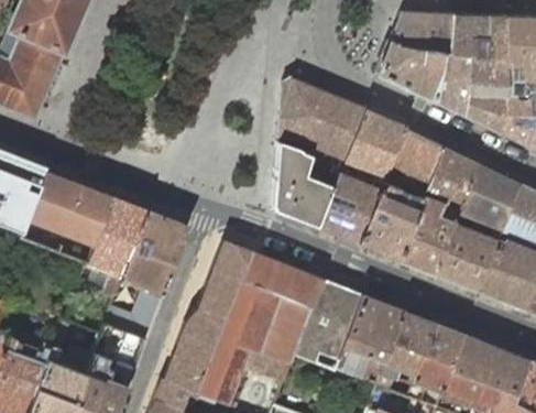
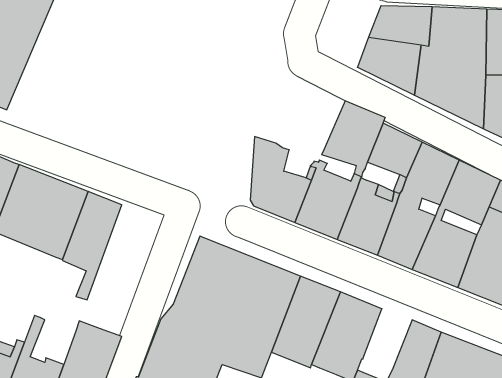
building: [280,77,368,169] -> none
building: [122,210,190,340] -> none
building: [385,313,434,373] -> none

